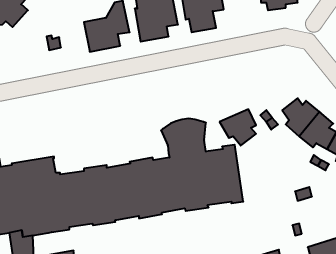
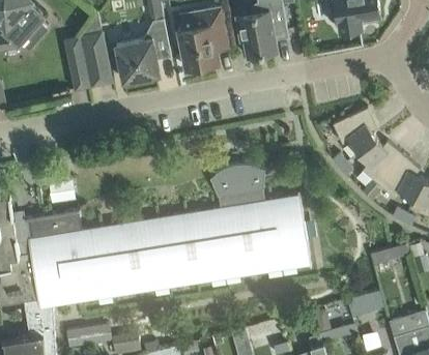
building: none -> [80,32,112,87]
building: [220,109,256,146] -> [332,109,376,153]

